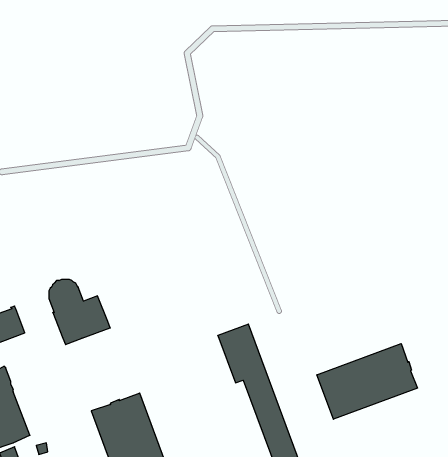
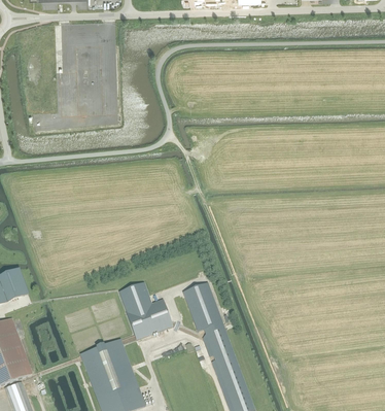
building: [49,279,110,345] -> [122,286,172,339]
building: [317,344,418,419] -> none

